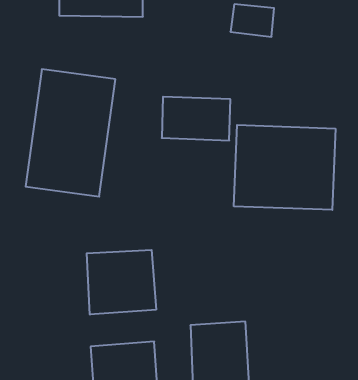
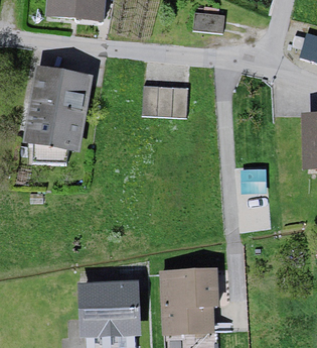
building: [234,125,335,210] -> none
building: [87,250,156,315] -> none

